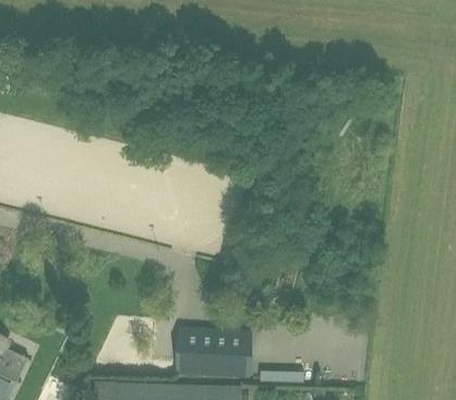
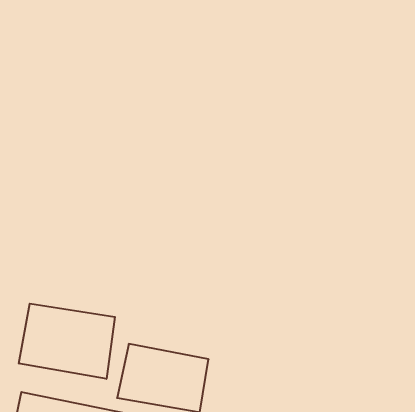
building: none -> [19,304,115,379]

